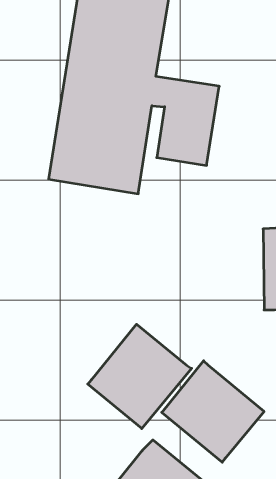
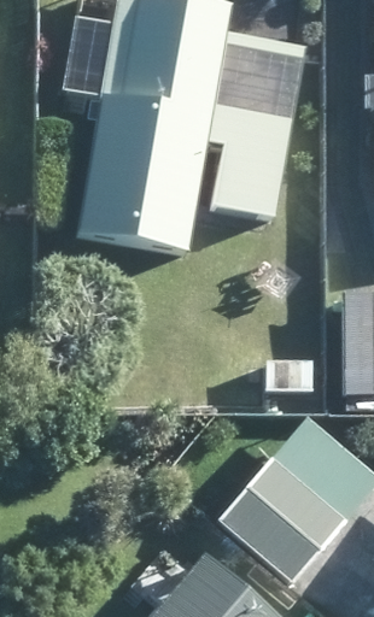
building: [88,324,192,429] -> none

